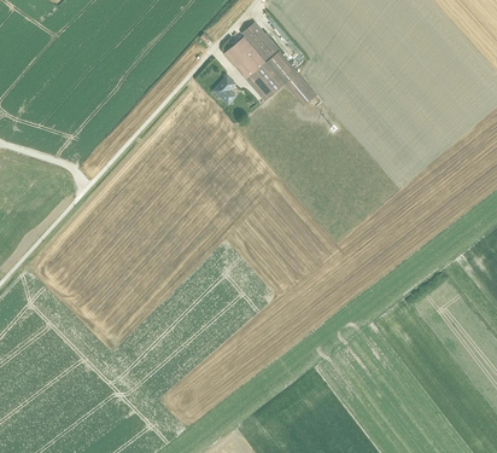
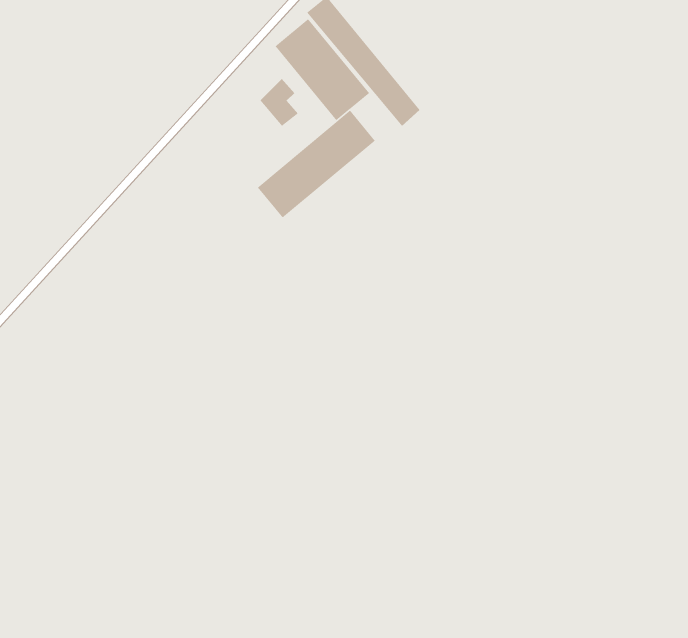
building: none -> [257,110,376,219]

